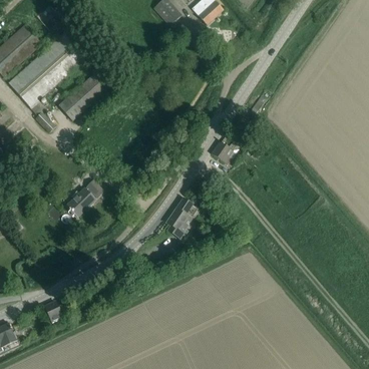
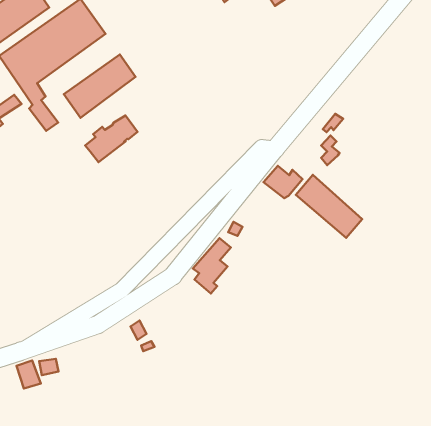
building: none -> [296,175,362,238]
building: [66,179,103,216] -> [85,115,137,162]

